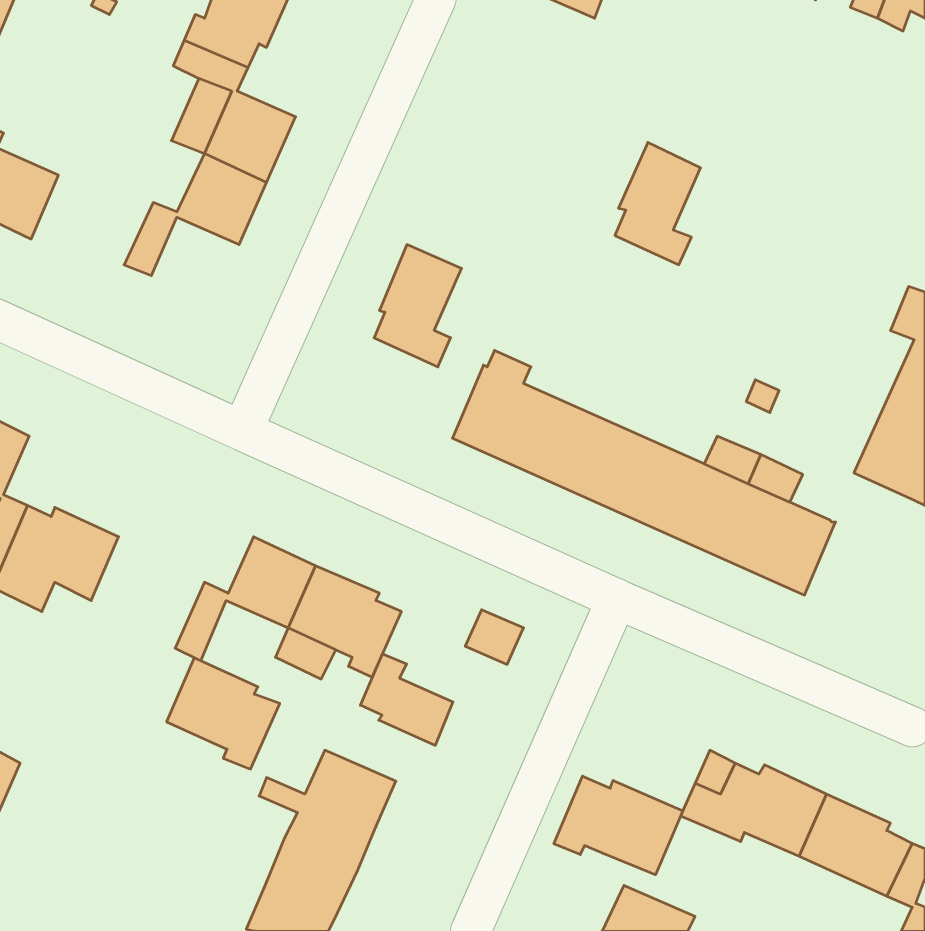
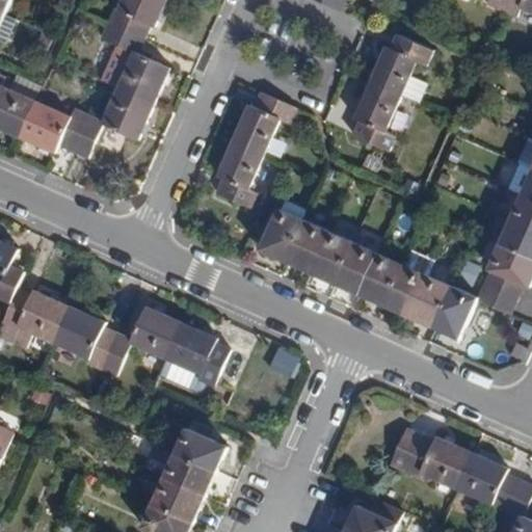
building: none -> [369,33,432,96]
building: none -> [232,91,296,153]
building: none -> [18,100,87,153]
building: none -> [474,269,521,314]
building: [360,654,453,745] -> none
building: [167,658,280,769] -> [52,305,116,369]
building: [554,776,683,875] -> none

